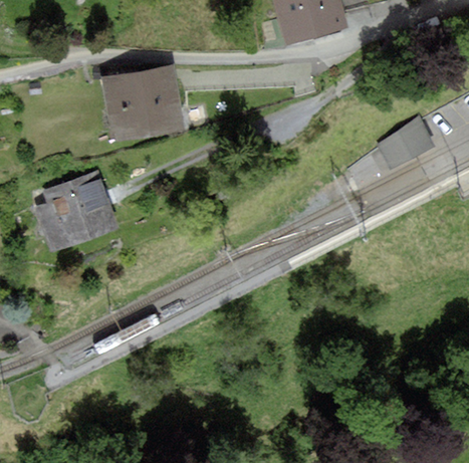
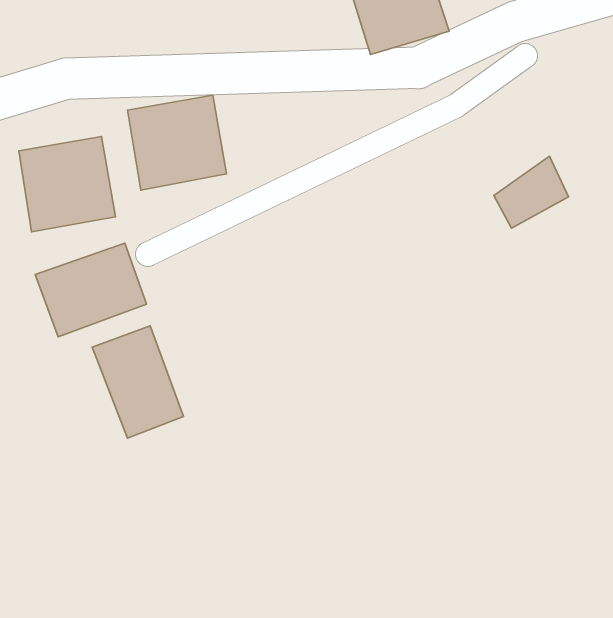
building: none -> [19,136,116,232]
building: none -> [92,326,184,438]

